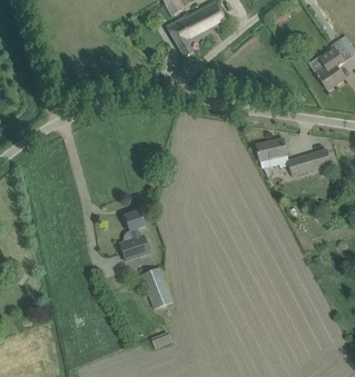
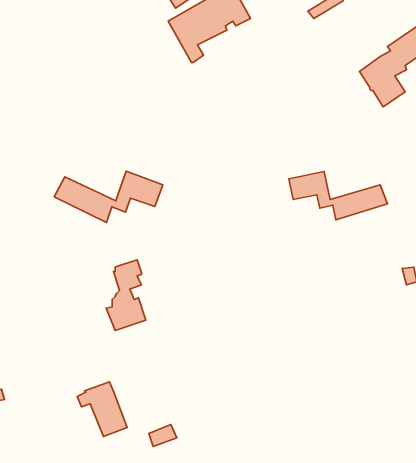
building: none -> [54,171,163,222]
building: [134,267,171,308] -> [77,382,127,436]

